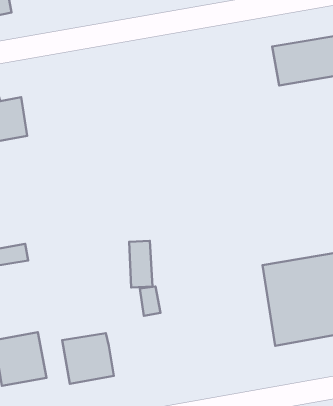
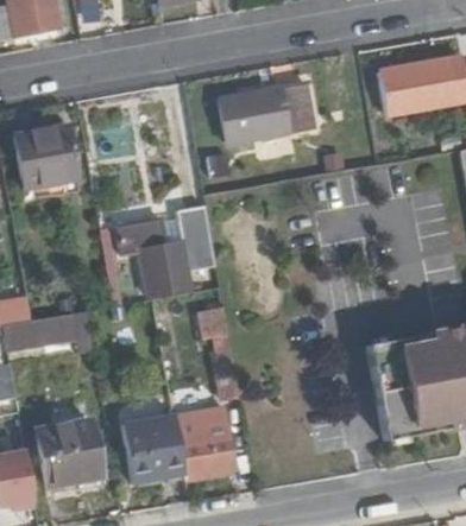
building: none -> [222,84,319,142]
building: none -> [116,201,213,292]
building: none -> [178,416,237,476]

